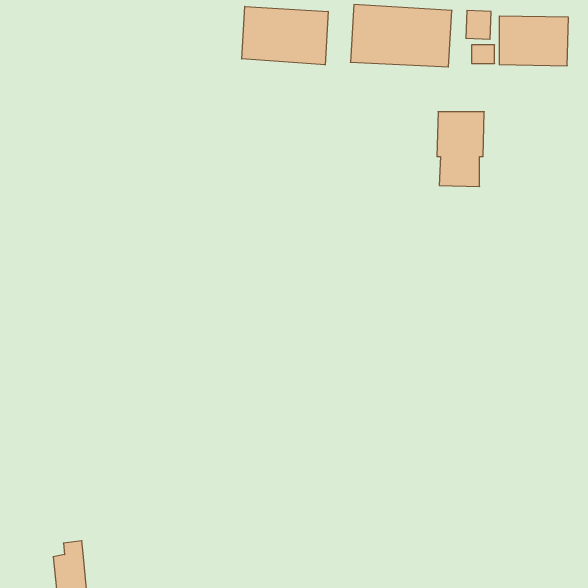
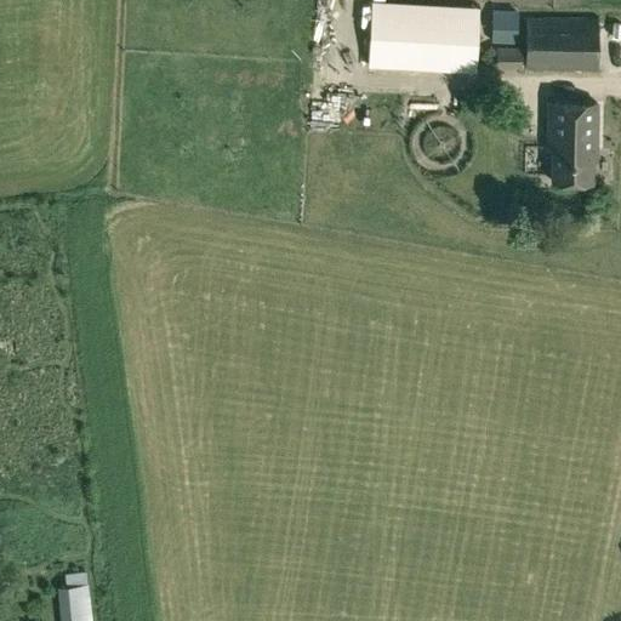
building: [242,6,328,65] -> none
building: [437,112,484,187] -> [548,103,598,182]

